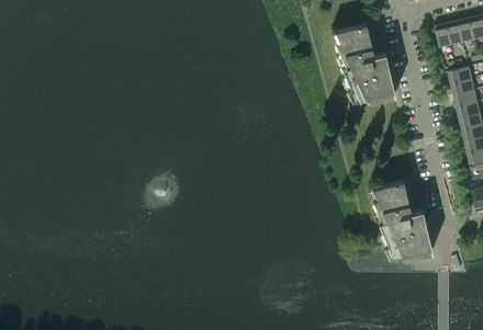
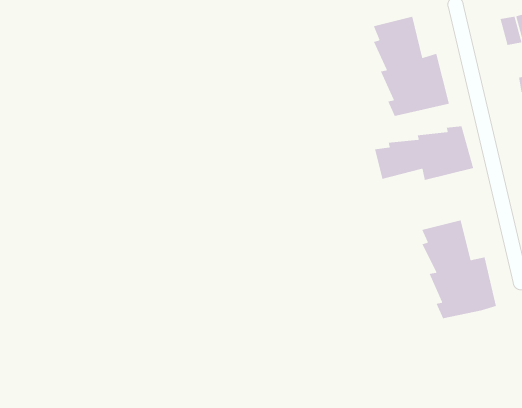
building: none -> [374,126,474,181]

